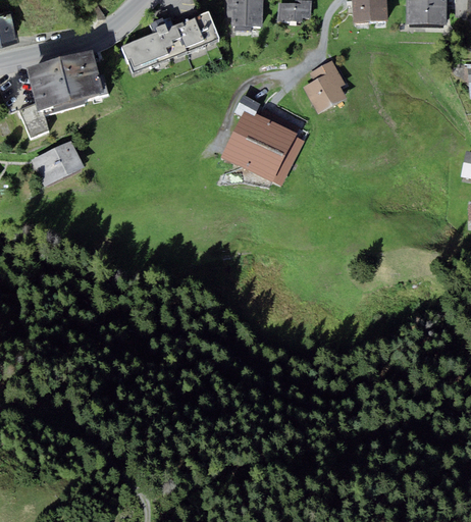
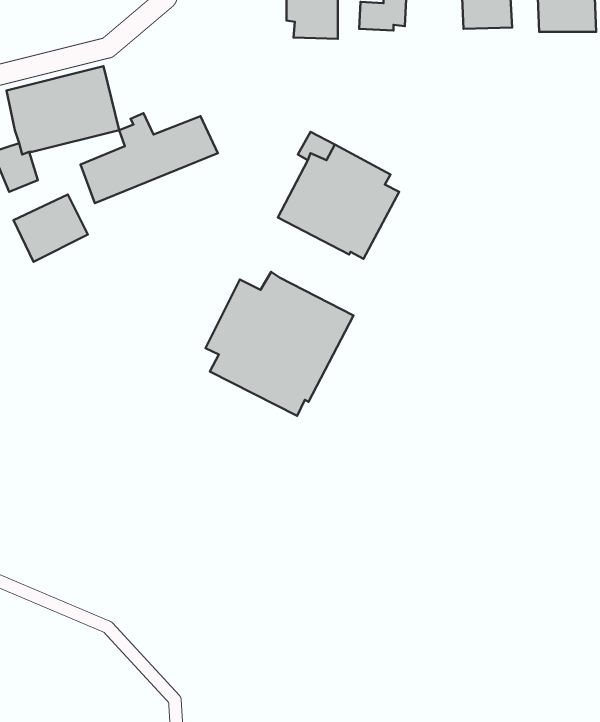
building: [122,9,220,73] -> [81,113,218,203]
building: [303,59,347,114] -> none
building: none -> [206,272,354,416]

